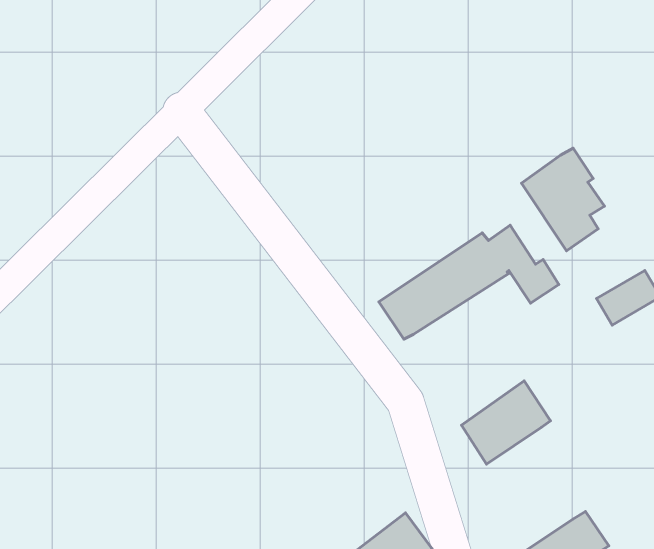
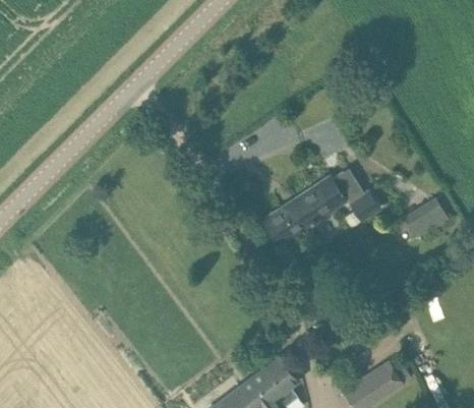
building: [521,148,605,251] -> none
building: [462,381,551,464] -> none

